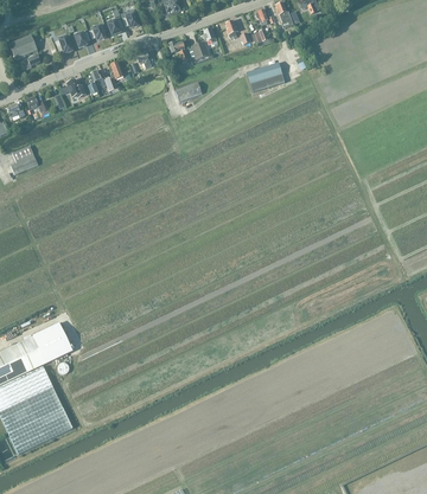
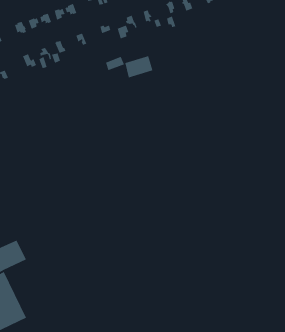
building: [247,63,285,92] -> [124,56,153,78]

